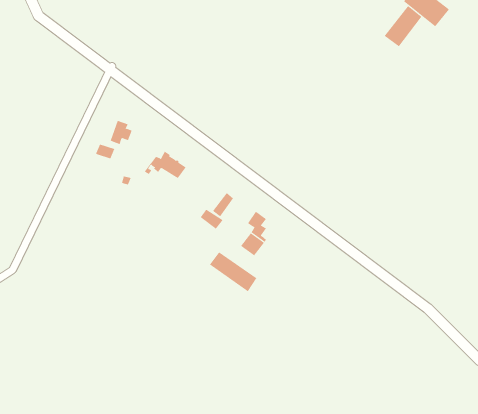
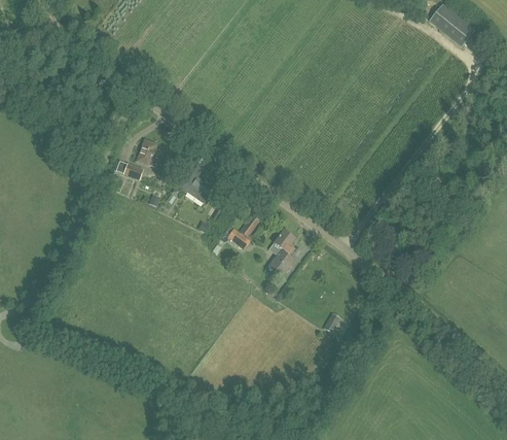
building: [384,5,422,47] -> none
building: [209,251,257,292] -> none

